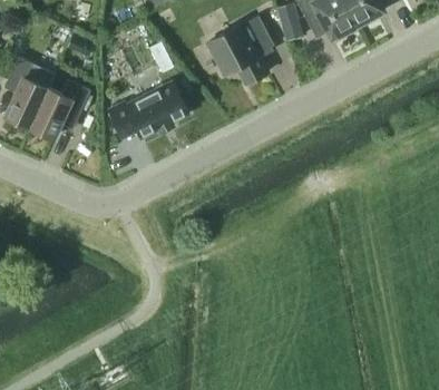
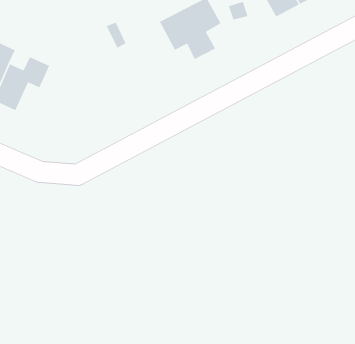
building: [108,82,187,138] -> none

